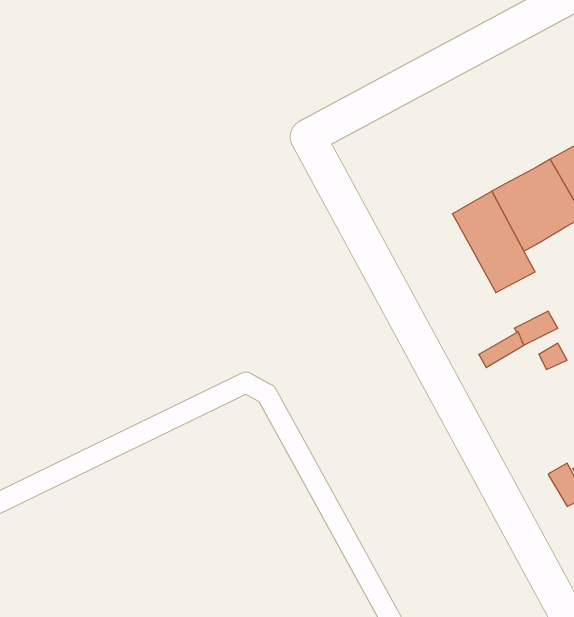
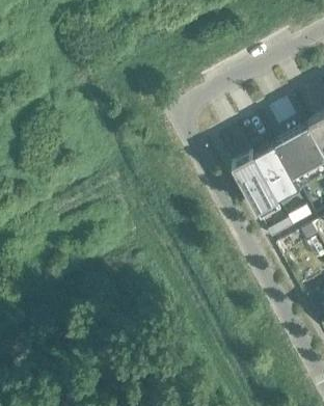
building: none -> [232,156,278,213]

